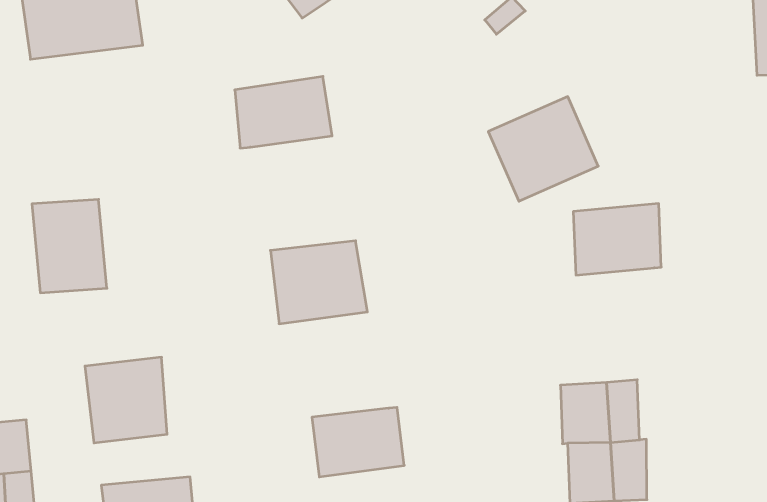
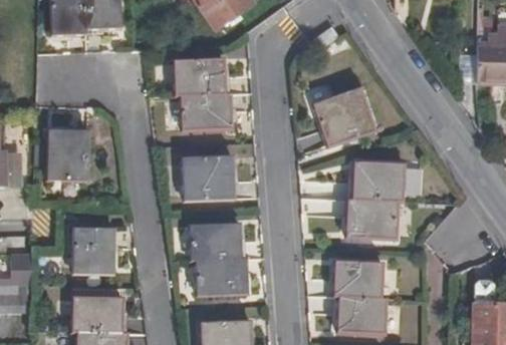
building: none -> [176,102,231,139]
building: none -> [353,197,405,236]
building: none -> [191,230,242,266]

